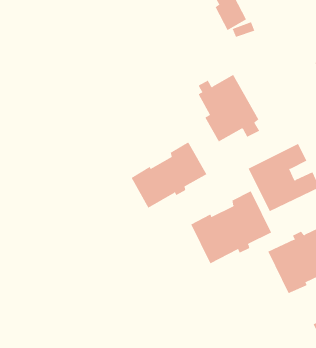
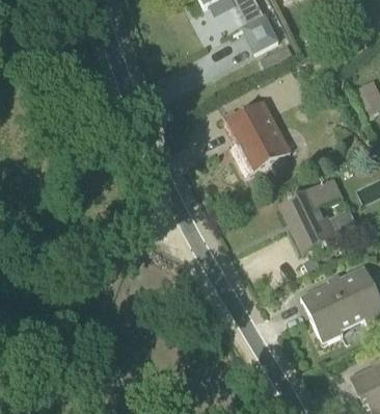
building: [131,142,207,209] -> none
building: [191,191,272,264] -> none

